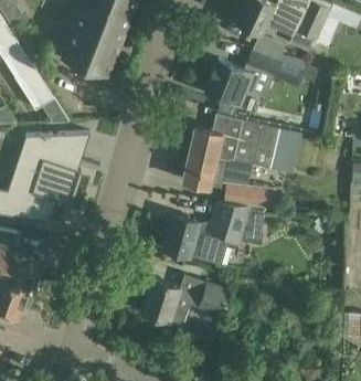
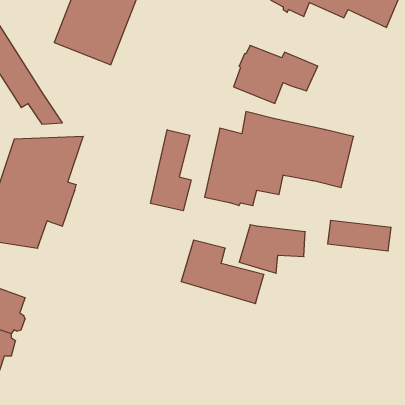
building: [246,49,302,86] -> none
building: none -> [151,130,191,211]
building: [224,183,275,208] -> [328,220,391,251]
building: [142,279,231,326] -> none

